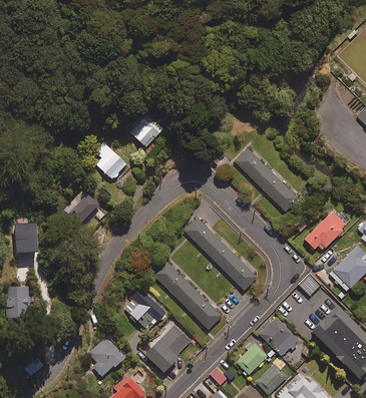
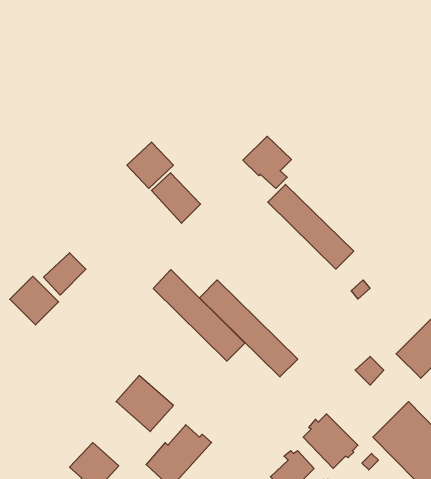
building: none -> [243,136,291,188]
building: [90,144,126,181] -> [151,173,201,223]
building: [303,209,347,249] -> none
building: none -> [10,276,59,325]
building: [153,261,221,328] -> [153,270,245,361]

